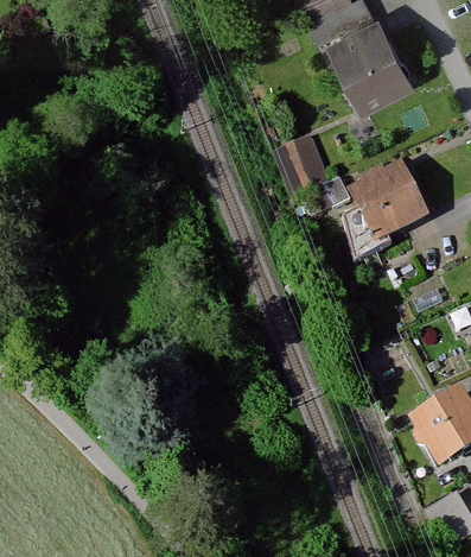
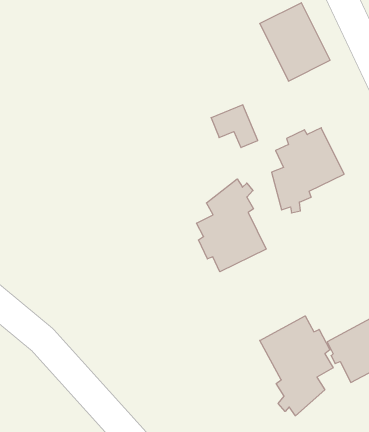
building: none -> [197,179,266,272]
building: none -> [260,316,333,416]

